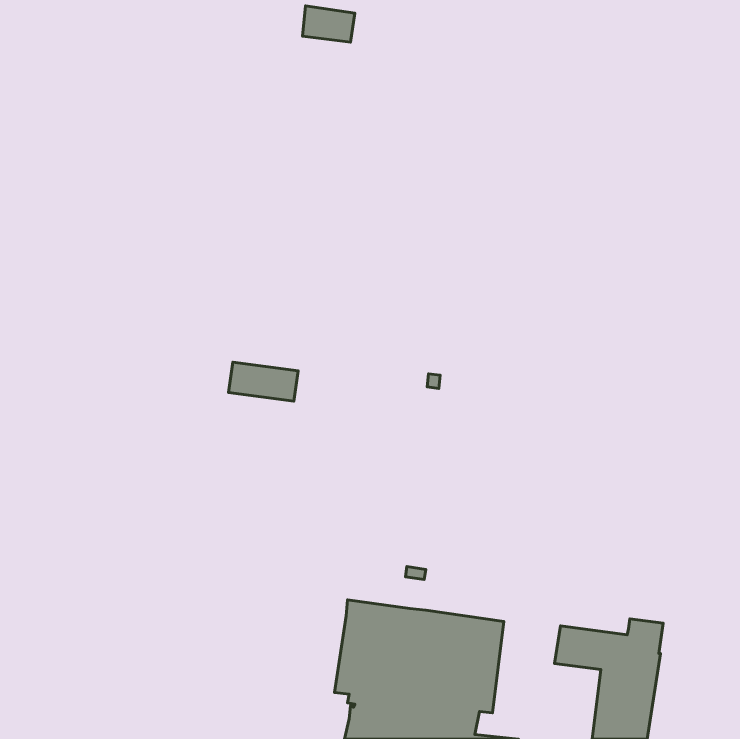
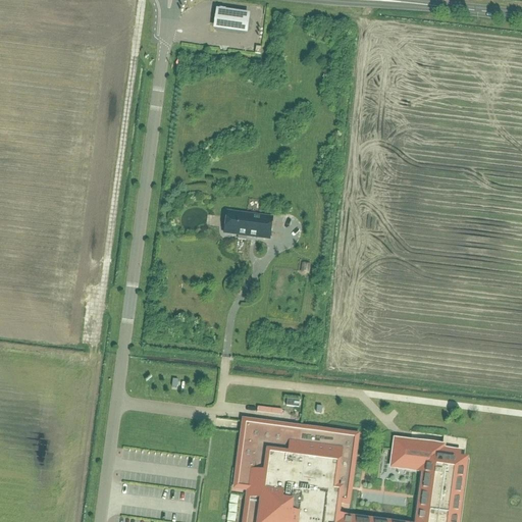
building: [229,362,298,401] -> [223,212,272,240]

